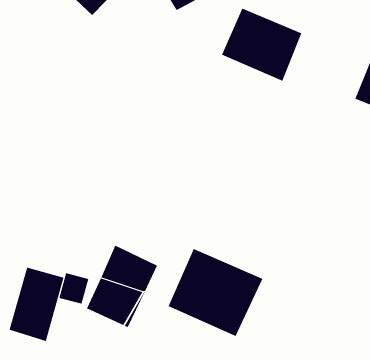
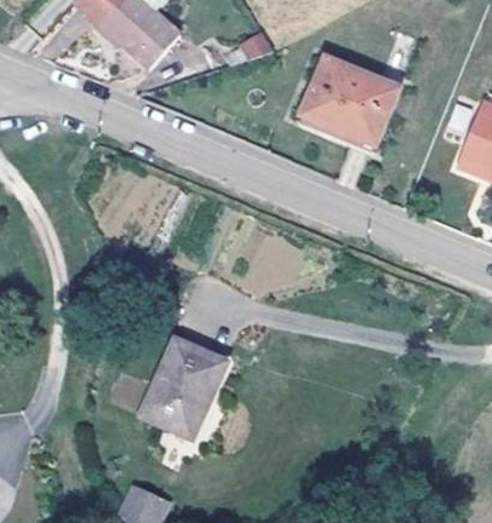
building: [168,248,263,337] -> none
building: [9,267,64,342] -> none

